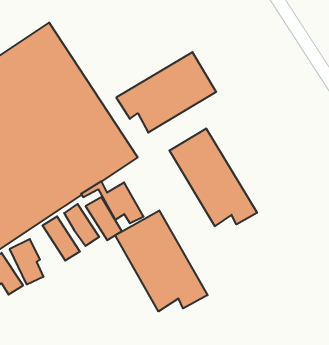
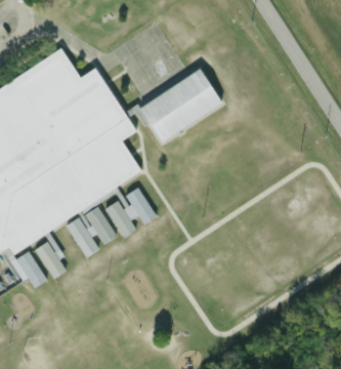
building: [169,128,257,226] -> none
building: [115,210,208,311] -> none

